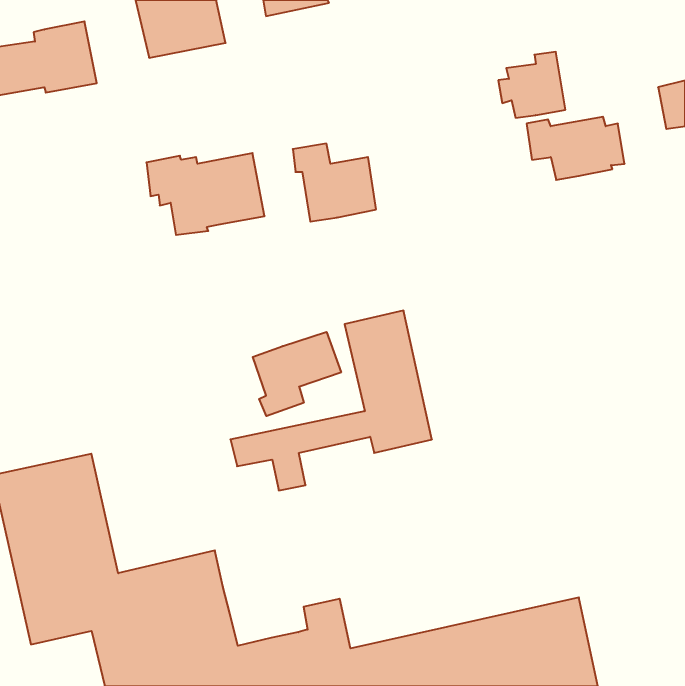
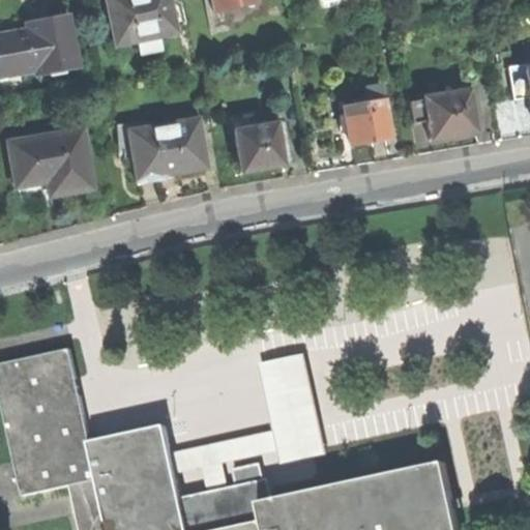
building: [498,52,565,118] -> [336,93,388,144]
building: none -> [7,131,89,196]
building: [230,311,432,490] -> [172,353,327,492]
building: [253,332,341,416] -> none

